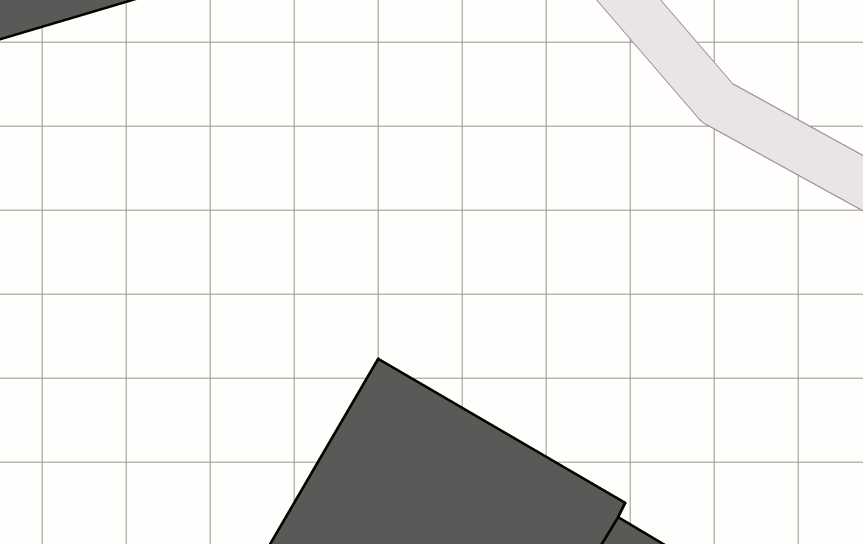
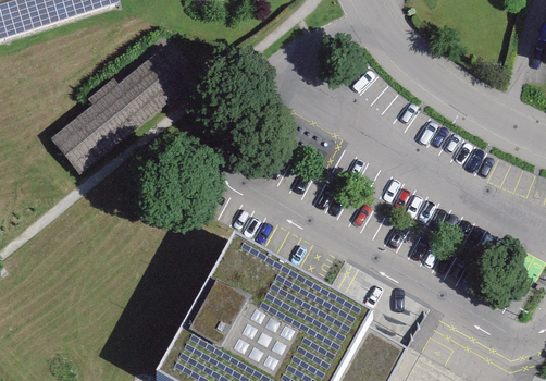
building: none -> [60,51,194,170]

